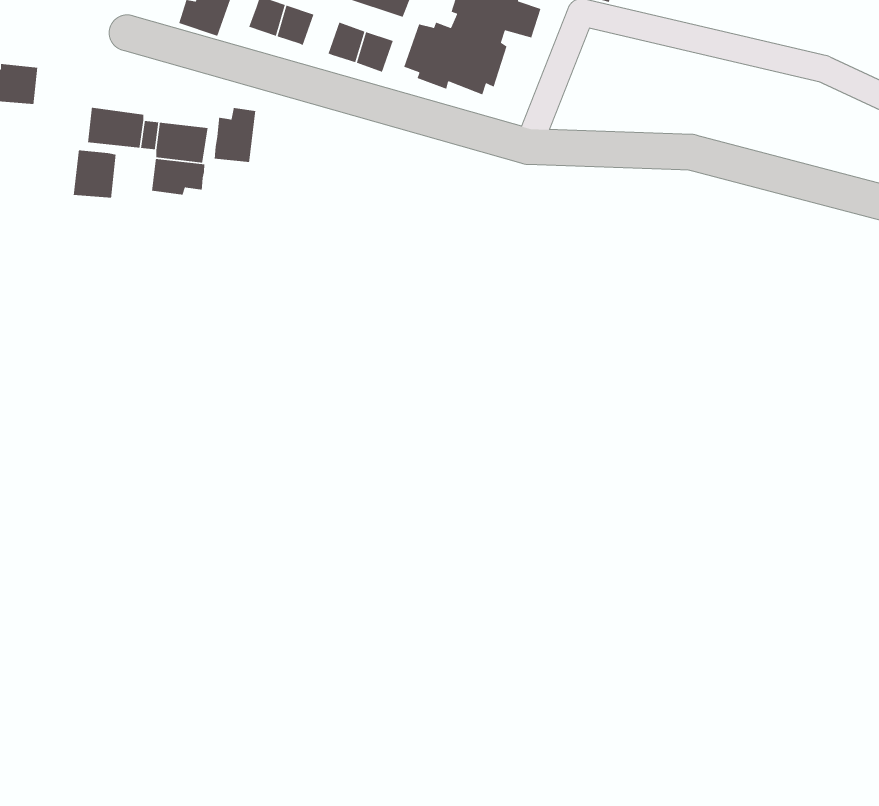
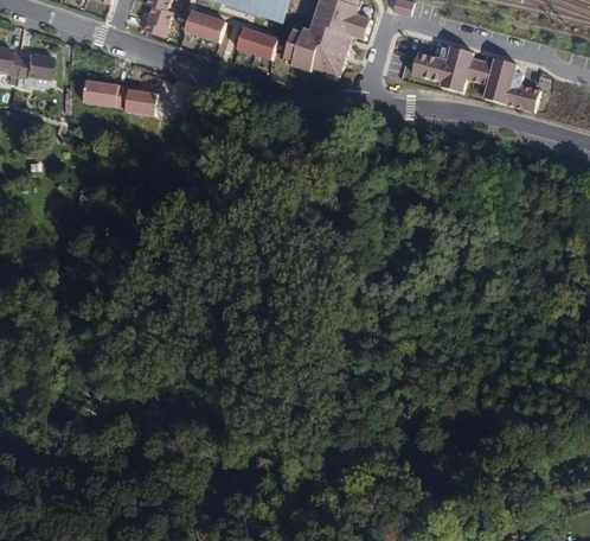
building: none -> [412,46,540,112]
building: [214,107,256,163] -> none
building: [73,150,116,198] -> none
building: [151,158,205,195] -> none

